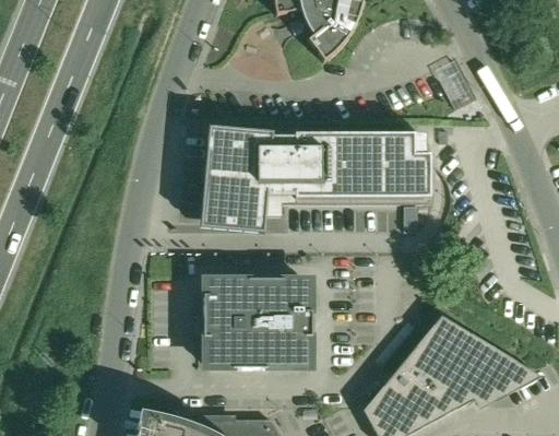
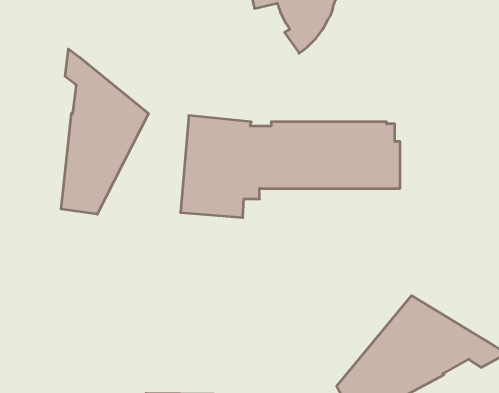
building: none -> [61,49,149,214]
building: [204,279,312,368] -> none

